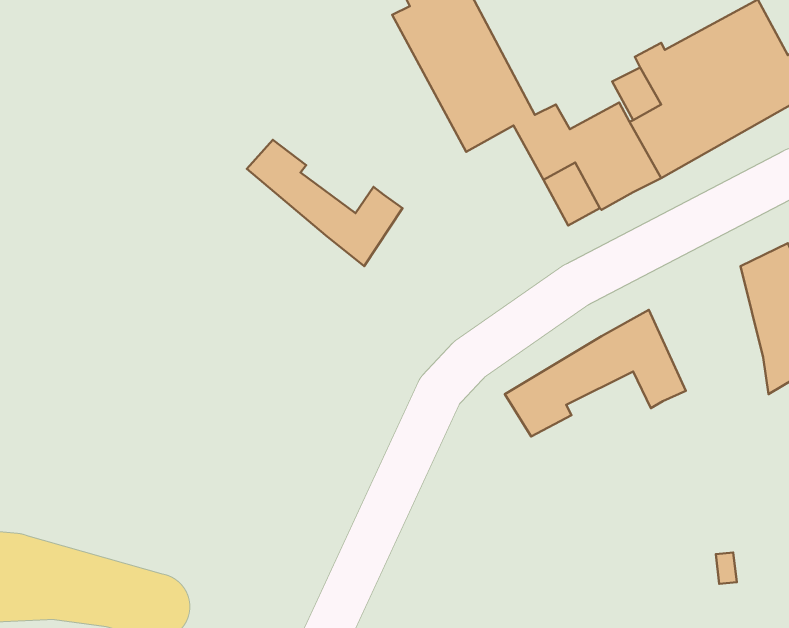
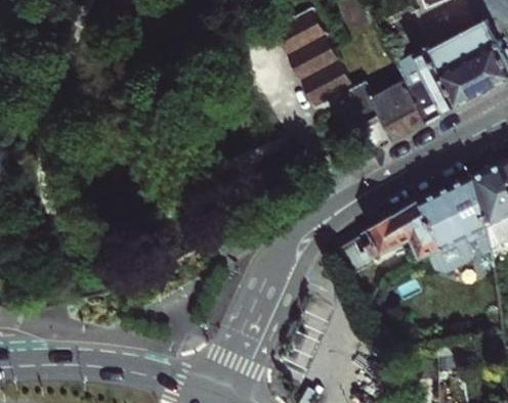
building: [247,140,403,266] -> none
building: none -> [421,175,491,272]

